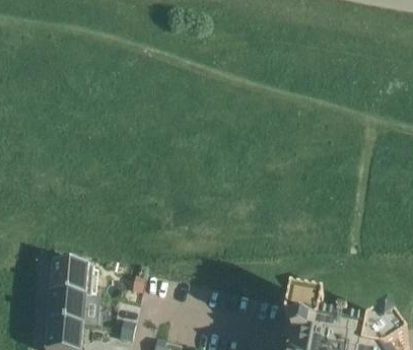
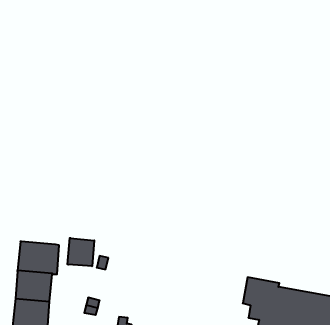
building: none -> [67,238,94,266]

